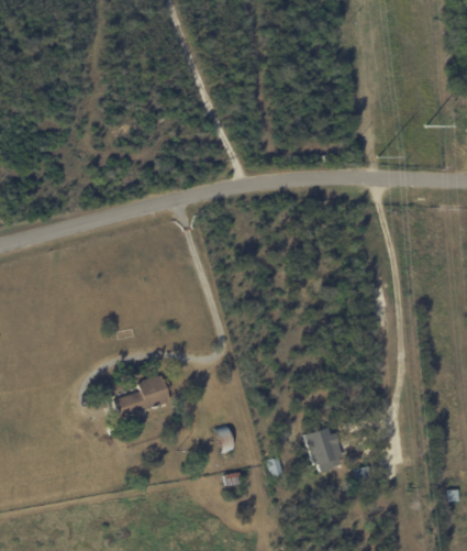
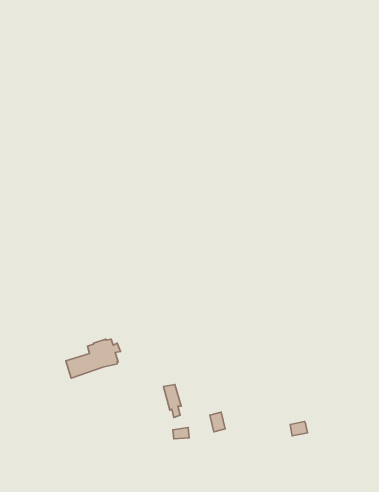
building: [311,433,343,471] -> none

